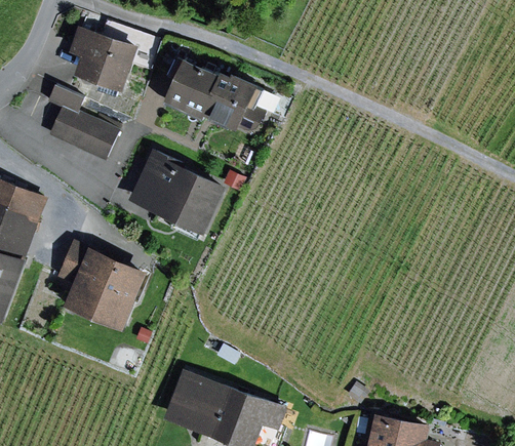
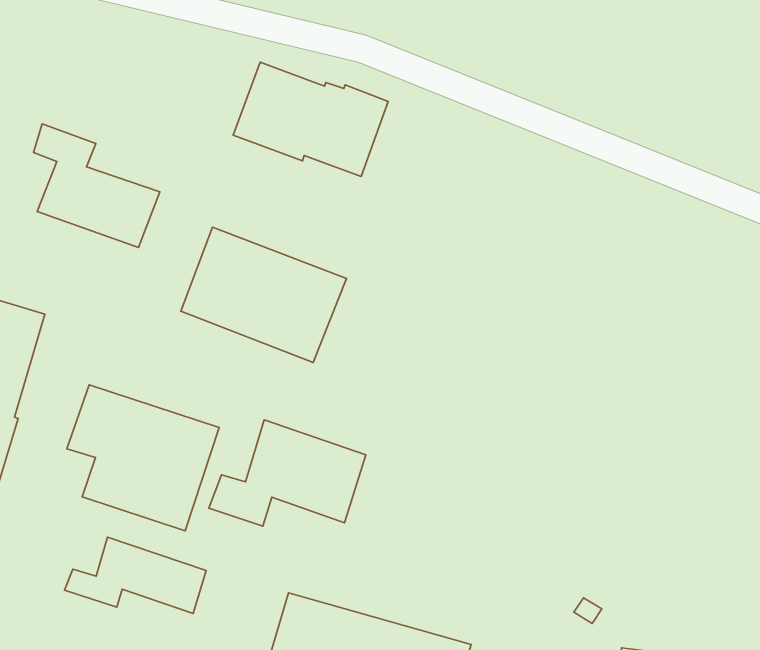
building: [68,28,135,89] -> none
building: none -> [209,420,366,526]
building: none -> [65,537,206,613]

